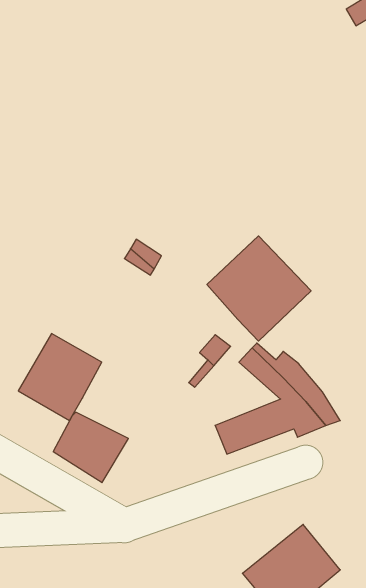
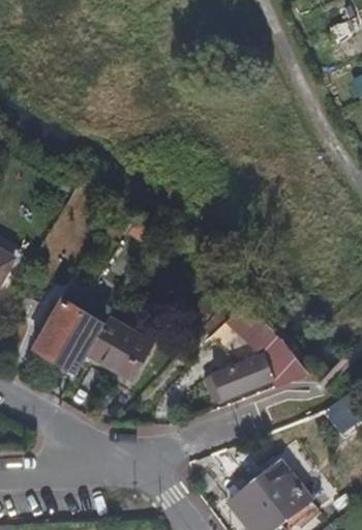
building: [207,236,311,341] -> none
building: [53,412,128,483] -> [88,319,153,380]

